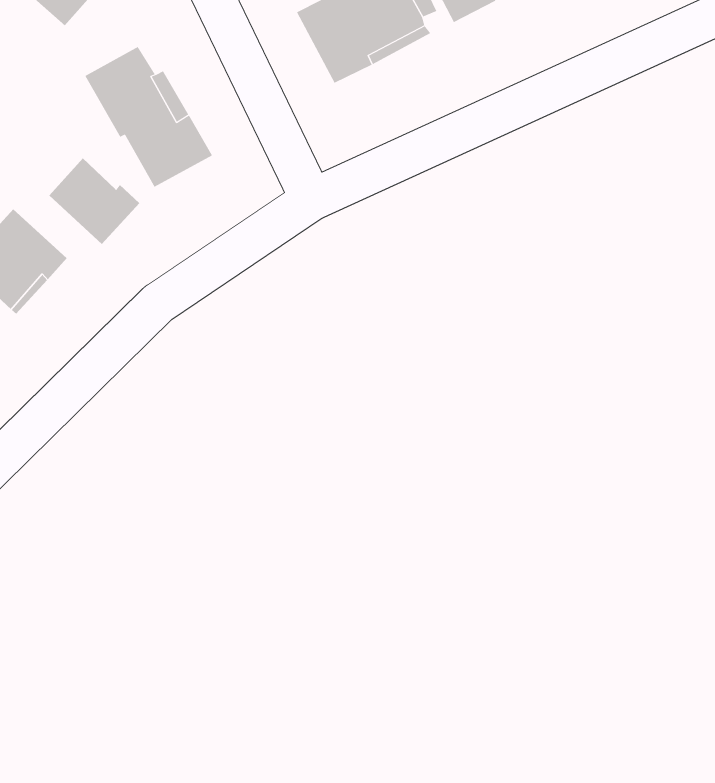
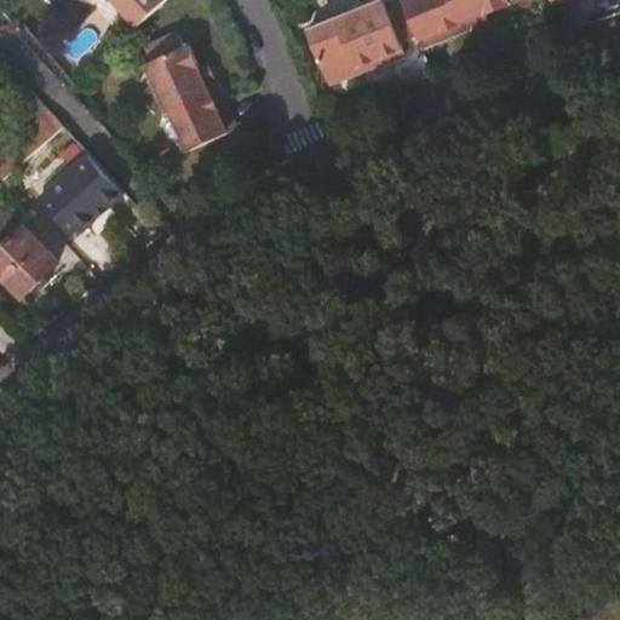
building: [48,158,140,245] -> none

